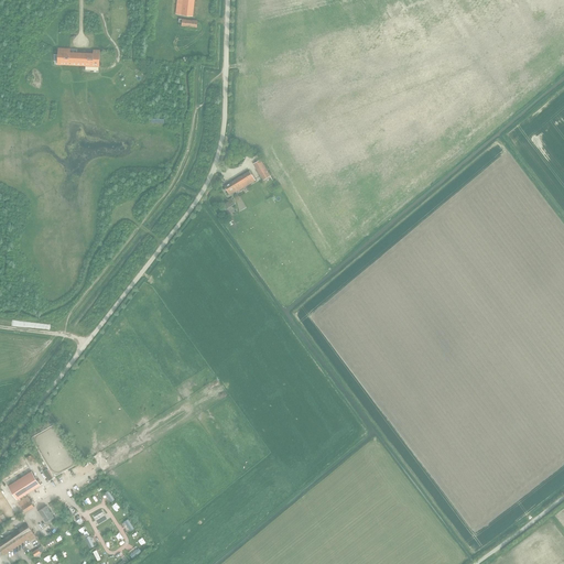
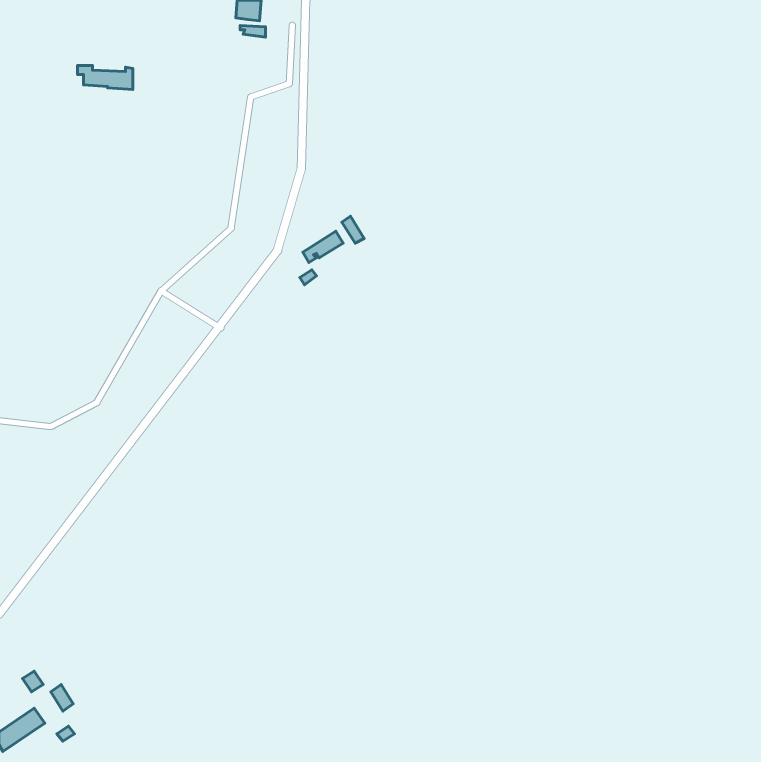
building: [7,470,39,499] -> none

